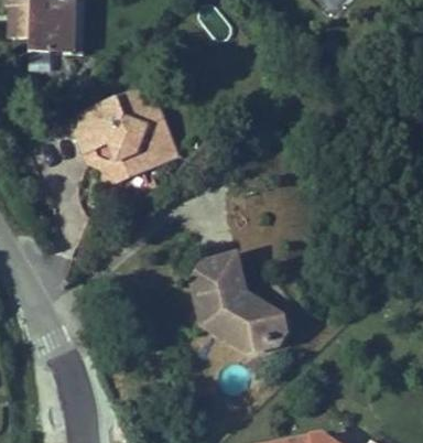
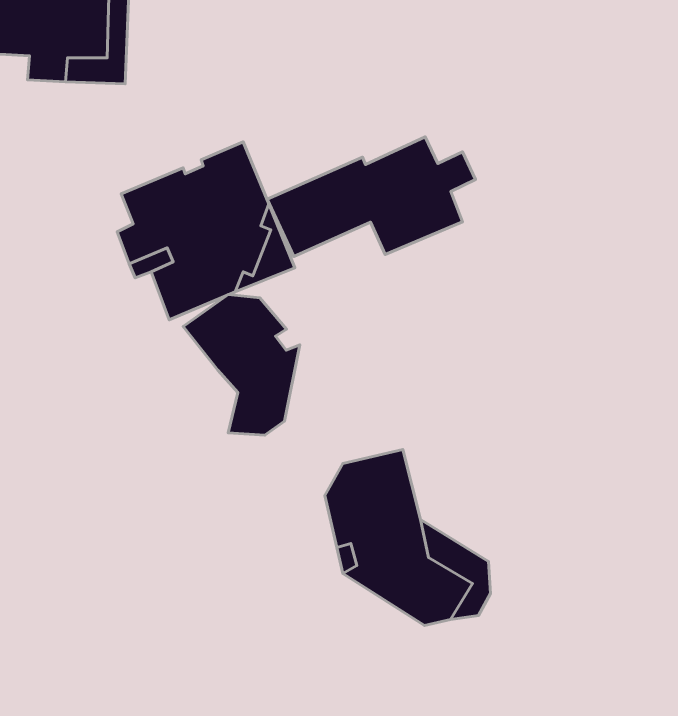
building: none -> [267,137,476,257]
building: none -> [183,295,300,435]

